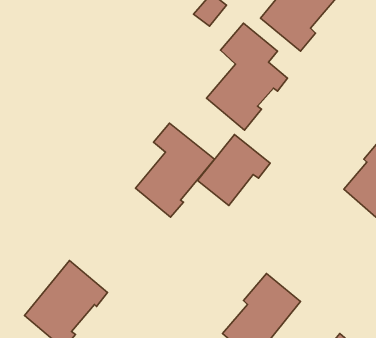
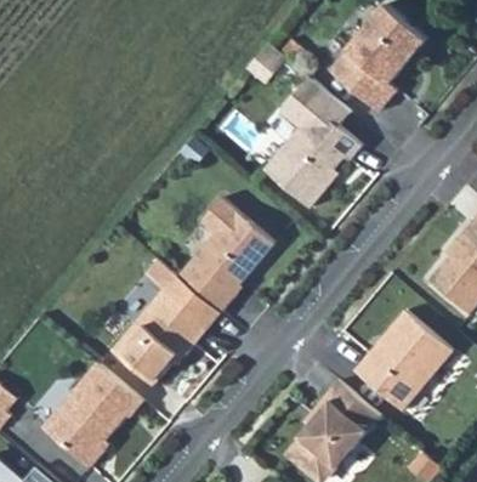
building: [198,135,270,205] -> none
building: none -> [112,259,221,386]
building: none -> [354,310,453,410]

